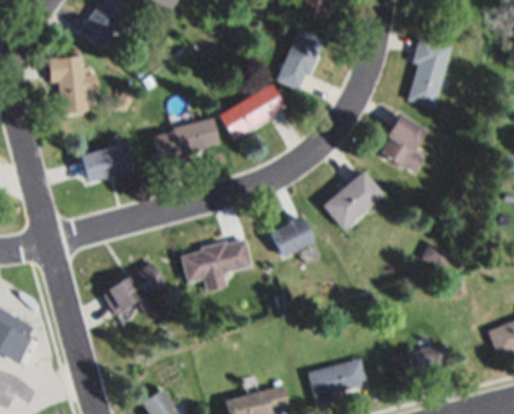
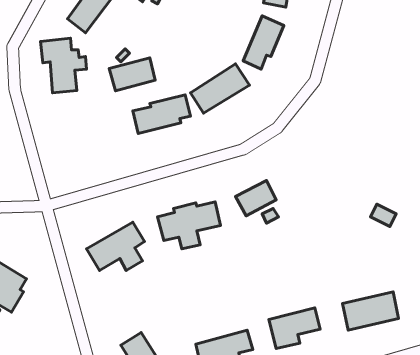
building: [409,36,451,107] -> none
building: [379,113,427,172] -> none
building: [80,143,132,181] -> [109,58,155,91]
building: [322,171,384,229] -> none

